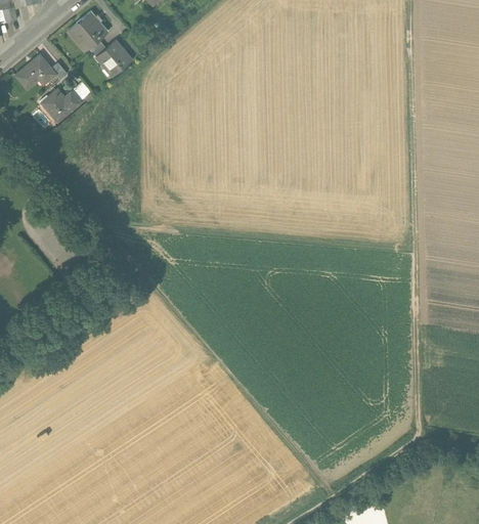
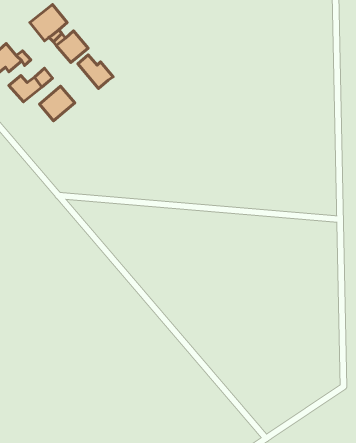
building: none -> [78,55,113,89]
building: none -> [40,86,75,121]

